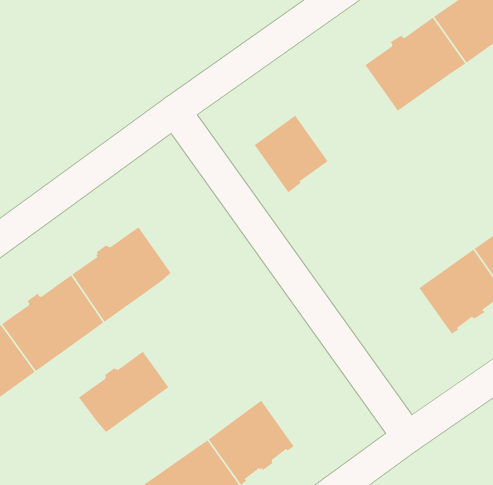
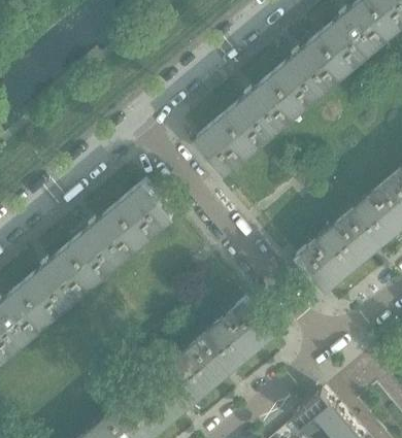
building: none -> [224,75,298,147]
building: none -> [115,182,172,238]
building: none -> [294,235,350,292]
building: [78,351,169,433] -> none
building: none -> [215,301,271,358]

